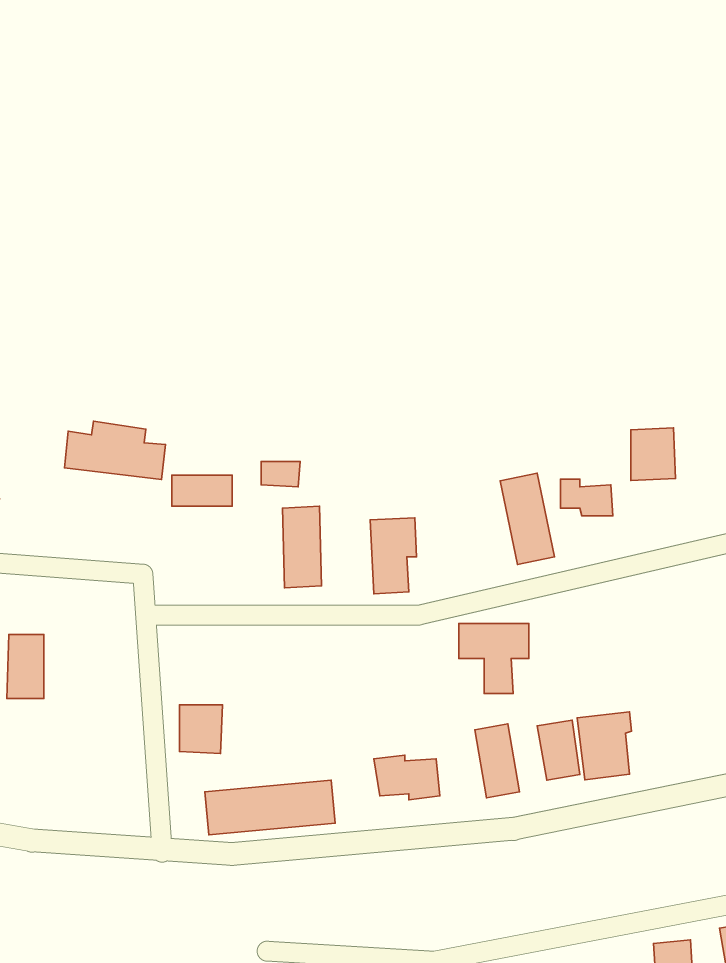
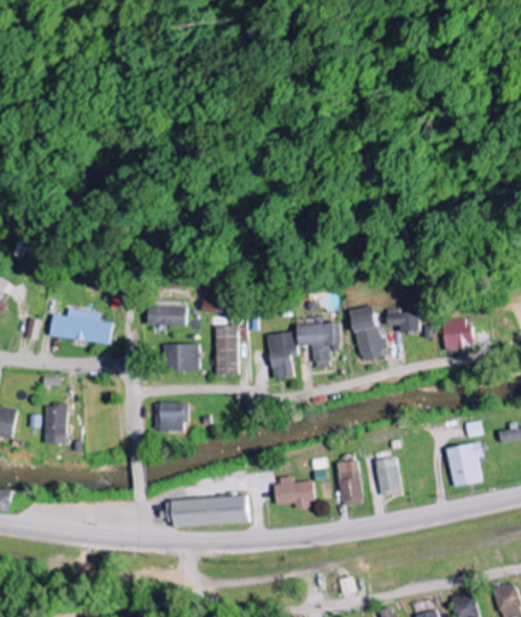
building: [64,421,165,480] -> [49,307,112,343]
building: [631,428,676,480] -> [445,317,473,349]
building: none -> [165,342,200,371]
building: [459,624,529,694] -> [298,323,341,366]
building: [180,705,222,754] -> [160,401,187,431]
building: [577,712,631,780] -> [447,443,481,486]

